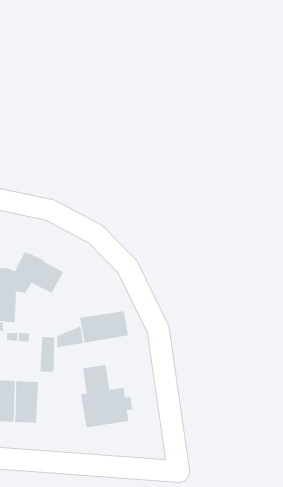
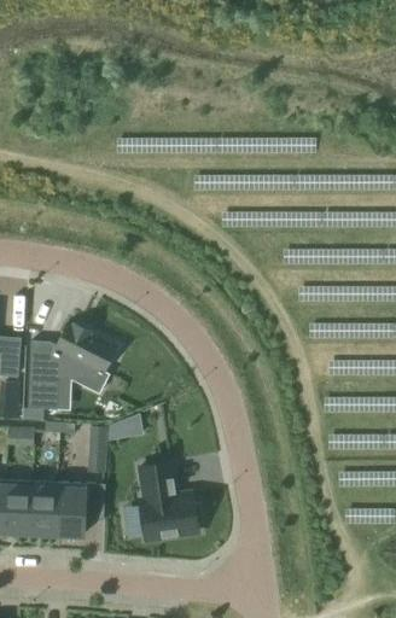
building: [80,310,128,344] -> none

